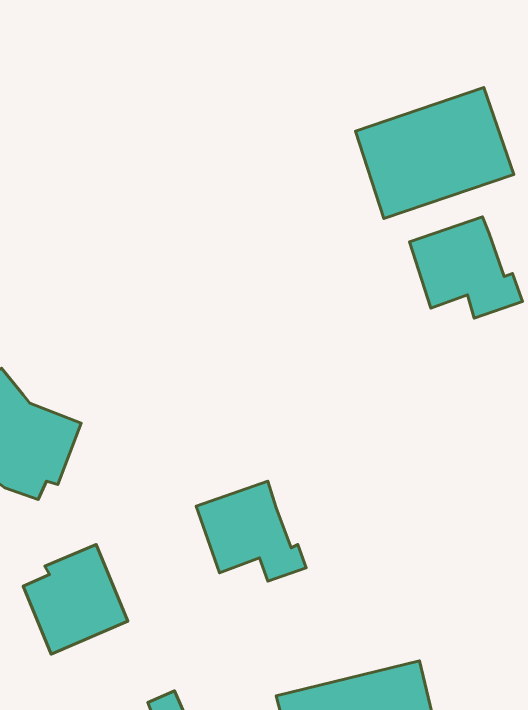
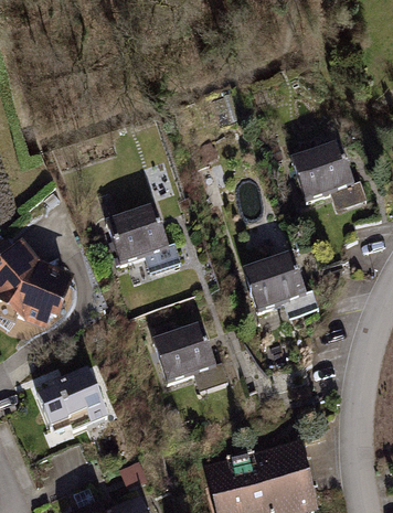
building: [355,88,514,219] -> none
building: none -> [106,207,181,275]
building: none -> [242,247,317,316]

